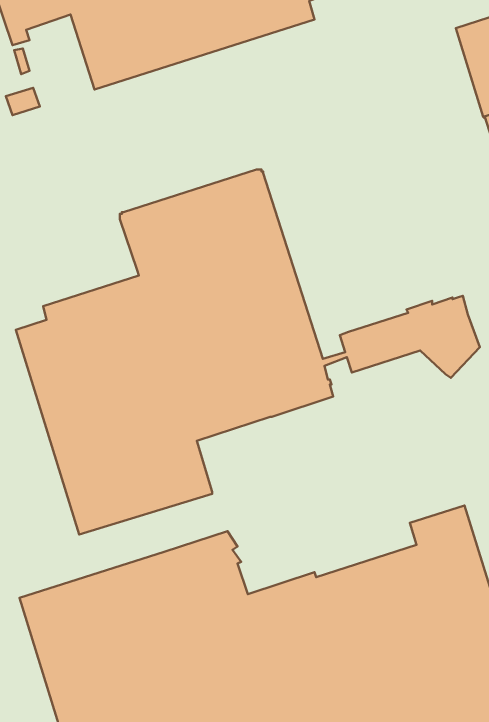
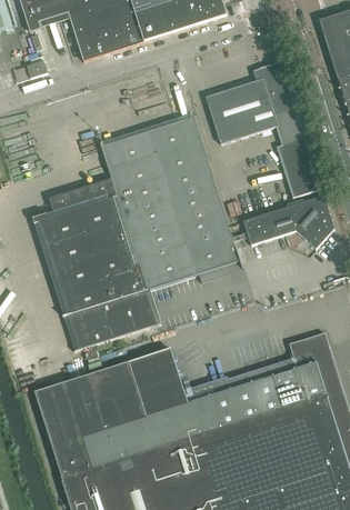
building: none -> [206,60,321,198]

